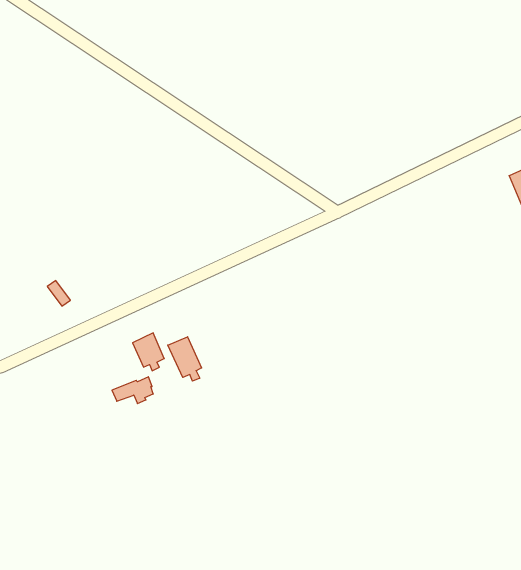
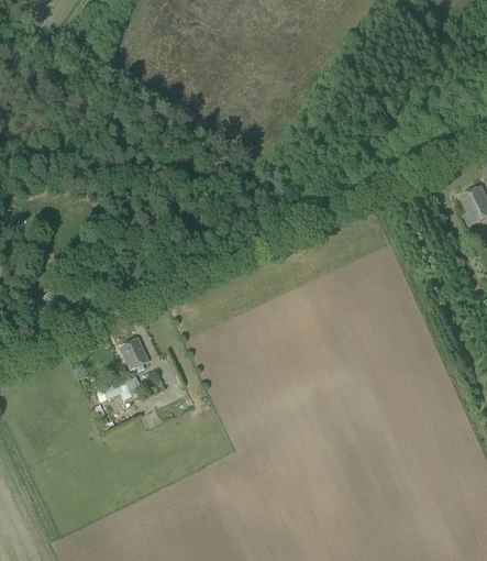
building: [168,337,202,381] -> none

